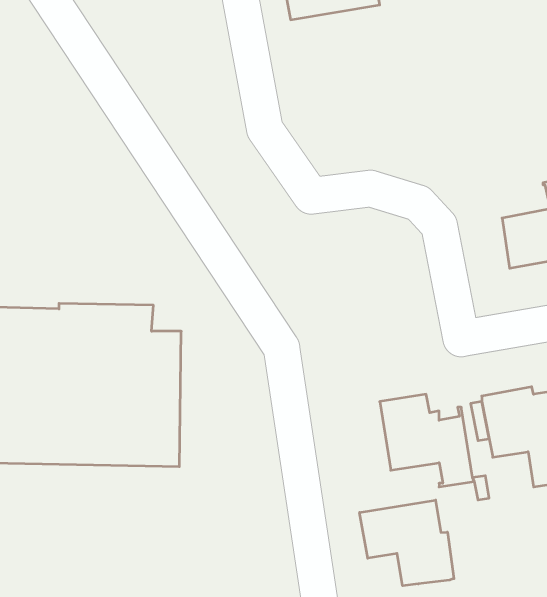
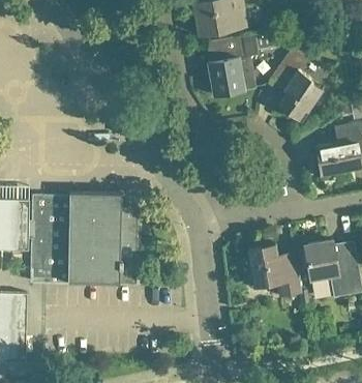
building: none -> [206,30,278,95]
building: none -> [266,46,324,121]
building: [360,500,454,586] -> none

